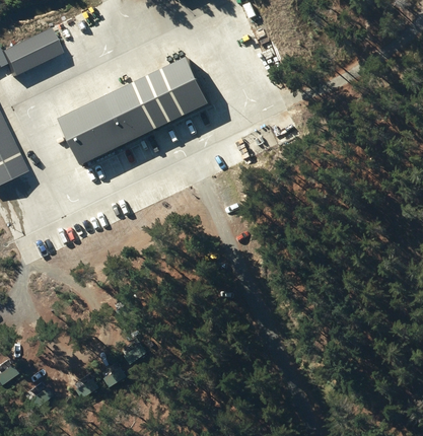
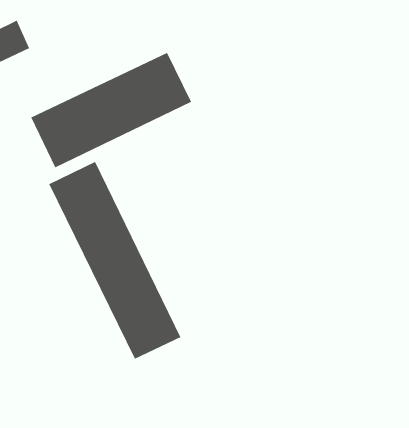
building: none -> [48,161,181,360]

